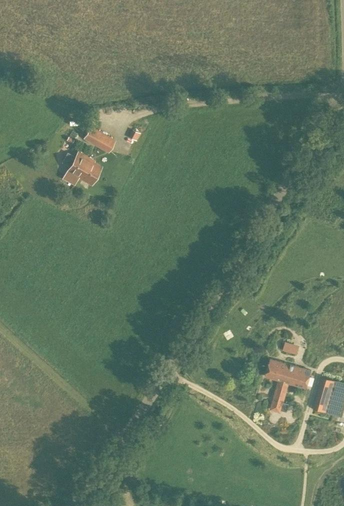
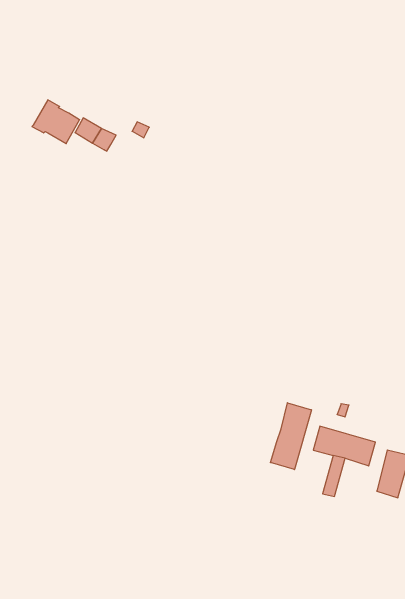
building: [67,153,103,186] -> [32,100,80,144]
building: none -> [270,403,311,470]

